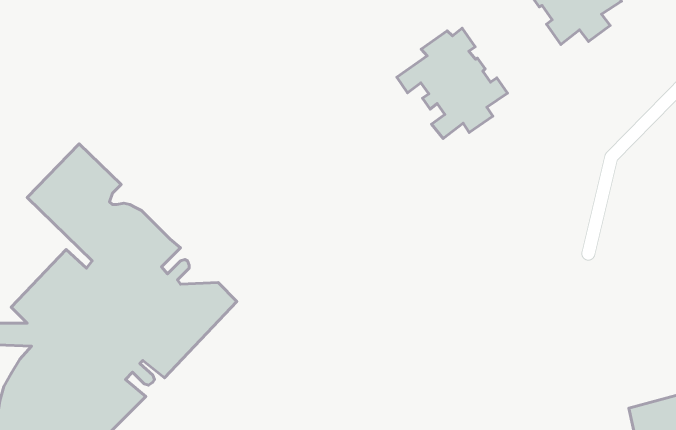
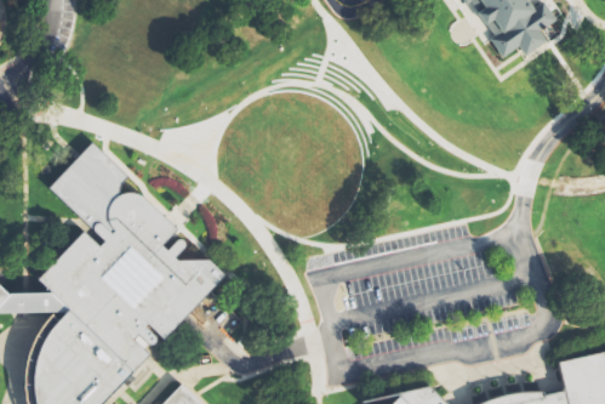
building: [397,28,508,138] -> none

